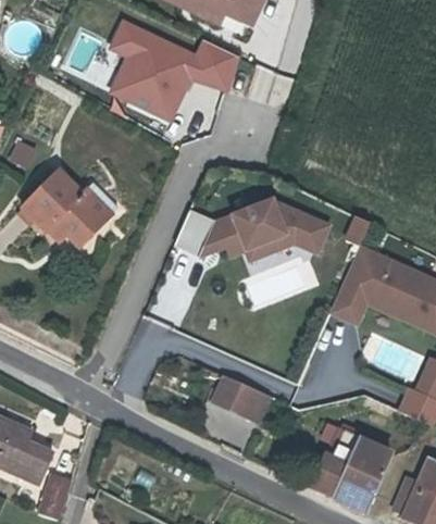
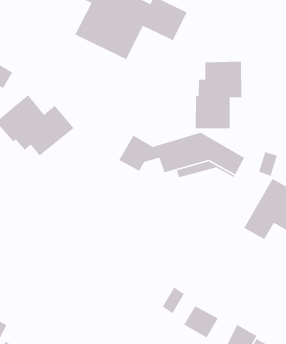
building: none -> [195,61,242,129]
building: [212,376,254,415] -> [183,305,219,339]

